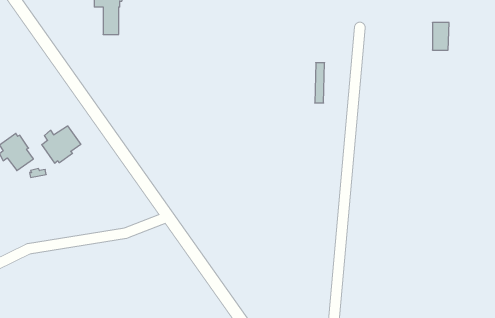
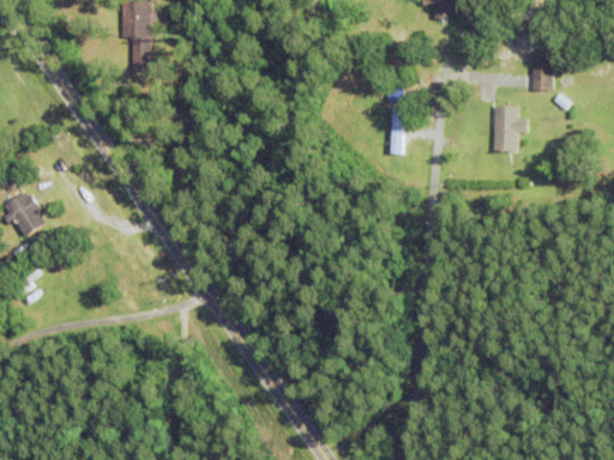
building: none -> [495,107,519,151]
building: [42,126,81,163] -> none

